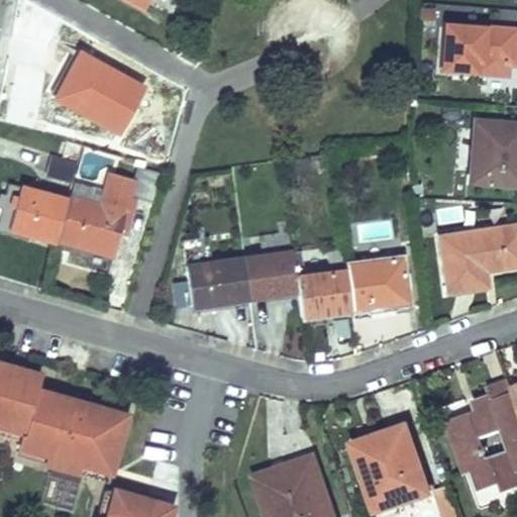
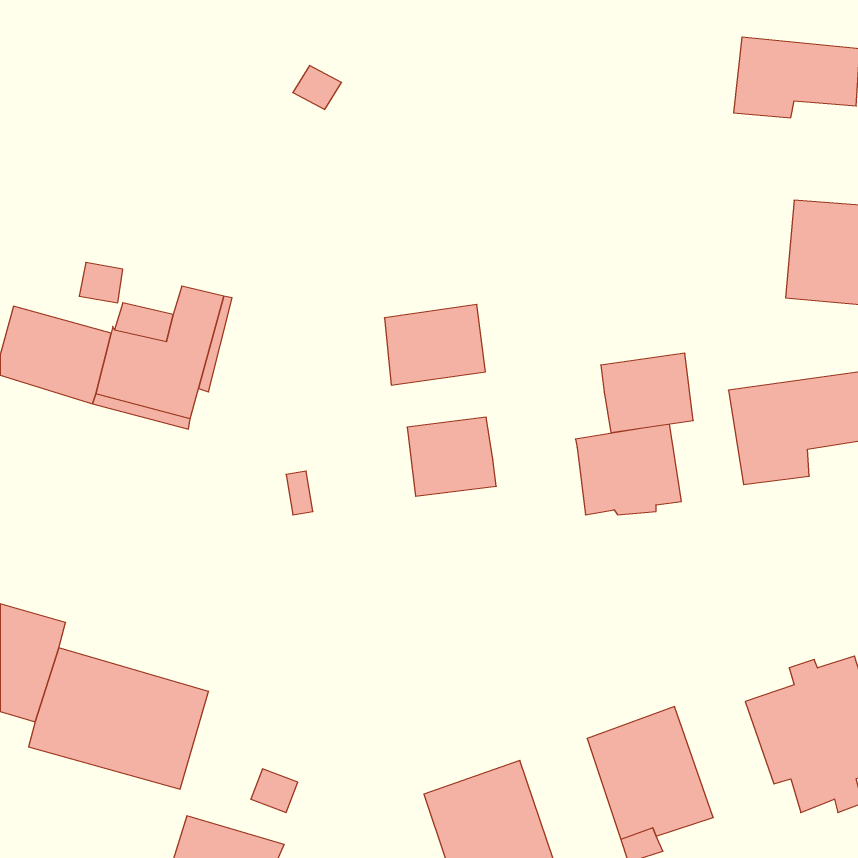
building: [57,54,142,132] -> none
building: [187,258,247,307] -> [384,304,485,385]
building: [297,270,352,317] -> [601,353,693,432]

